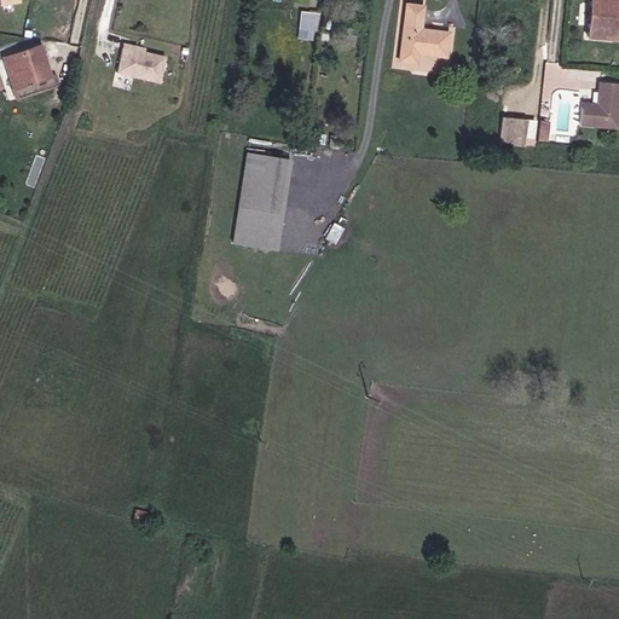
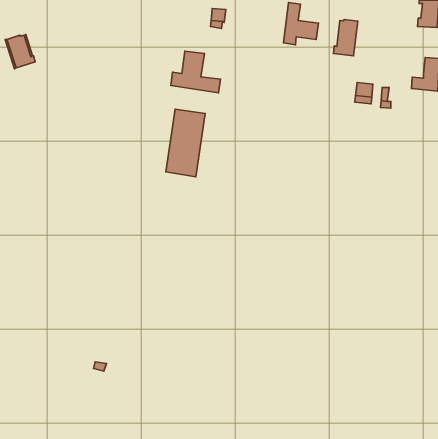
building: none -> [333,19,358,56]
building: [115,46,163,80] -> none
building: none -> [171,51,220,93]

